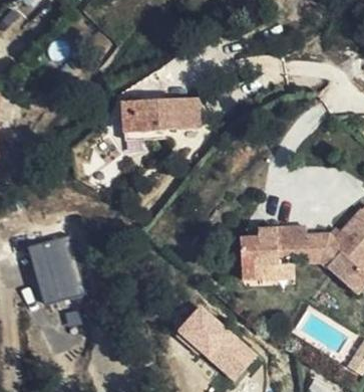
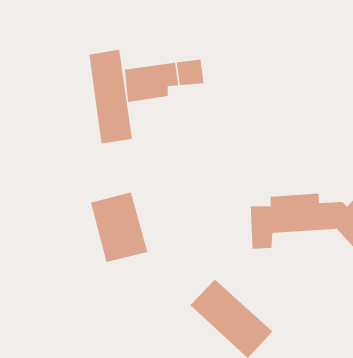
building: none -> [89,49,133,144]
building: [32,237,87,305] -> [90,192,148,263]

